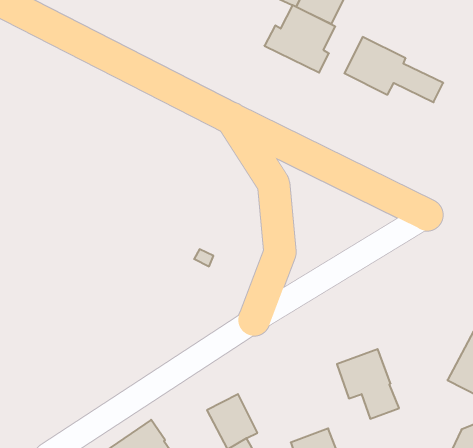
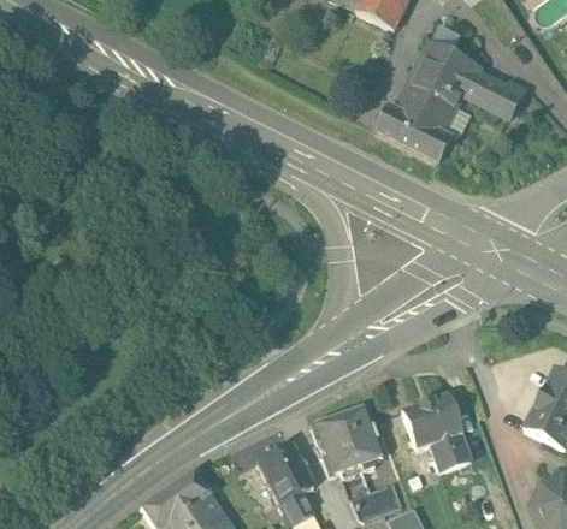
building: [264,5,335,73] -> [379,83,459,159]
building: none -> [312,405,383,477]

